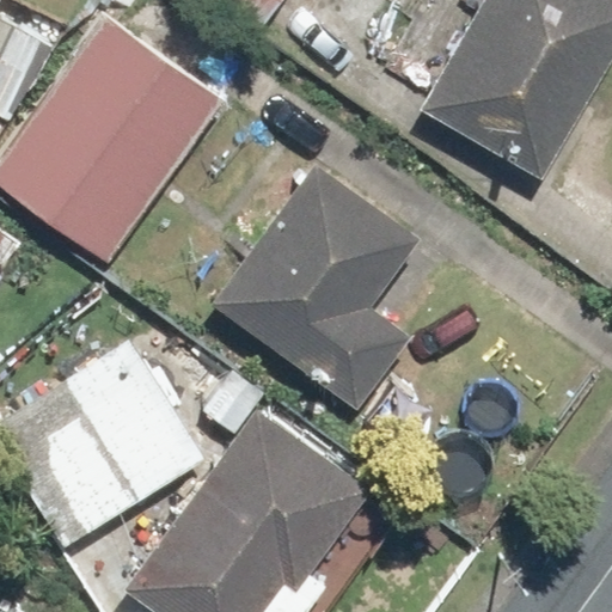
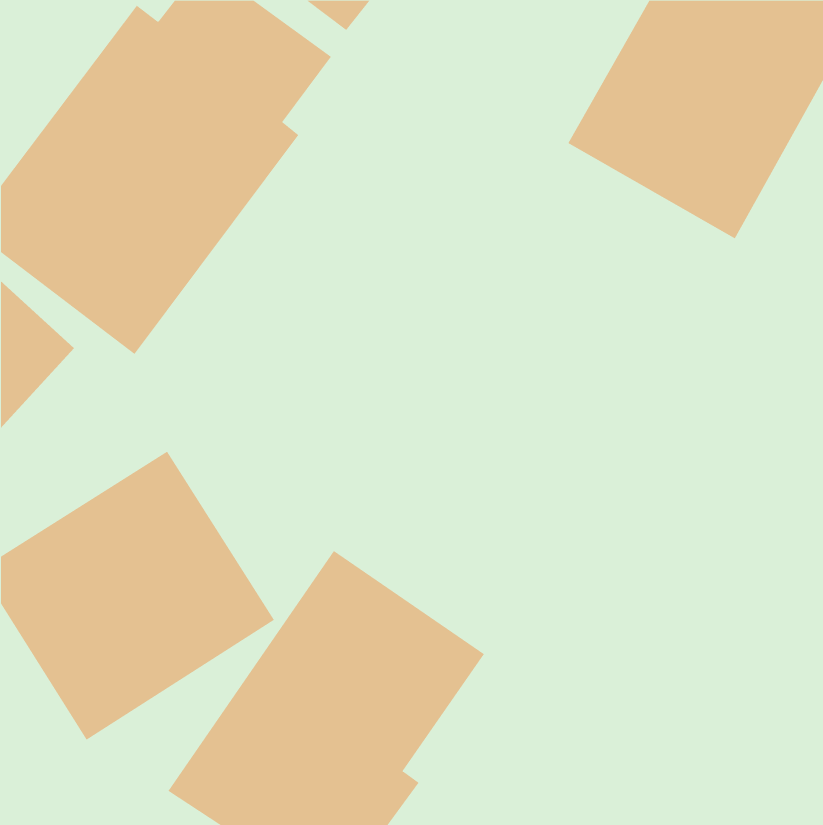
building: [207,160,421,409] -> none

